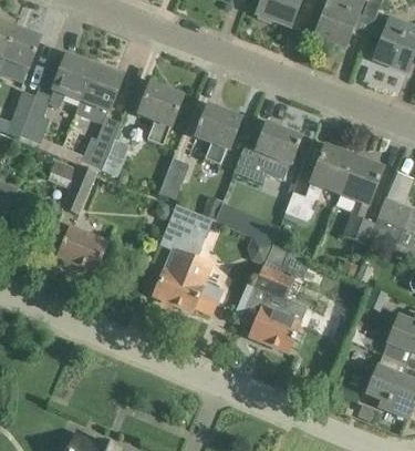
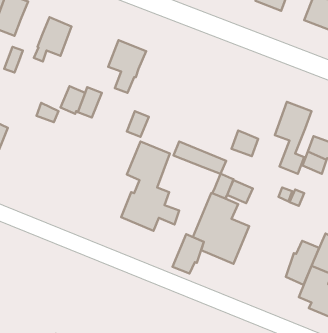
building: [76,65,122,124] -> none
building: [195,105,240,164] -> none
building: [18,110,50,147] -> none
building: [235,123,300,180] -> none
building: [309,145,352,196] -> none
building: [63,163,97,214] -> none
building: [56,224,107,271] -> none
building: none -> [173,234,204,274]
building: none -> [286,241,319,285]

